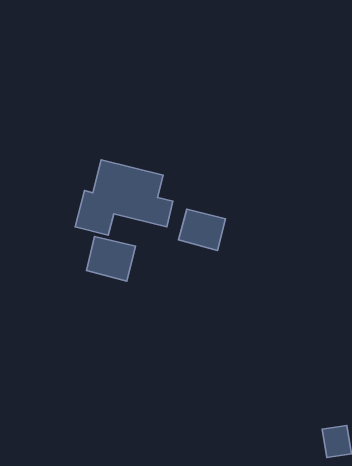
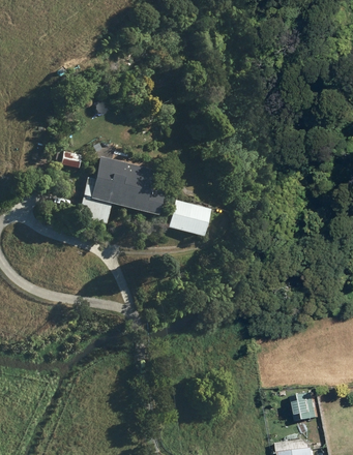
building: [87,237,135,281] -> none

